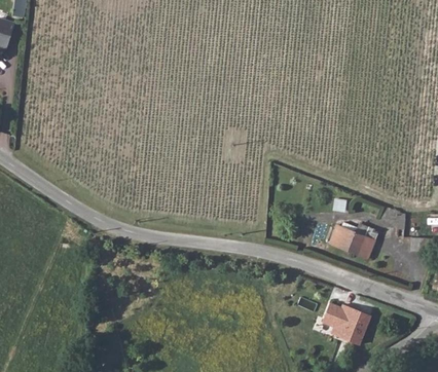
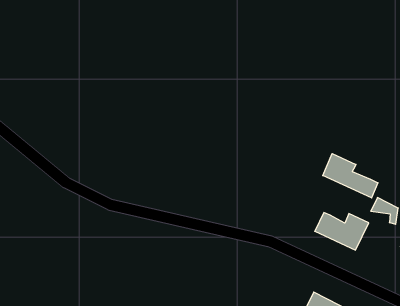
building: none -> [323,154,378,198]

